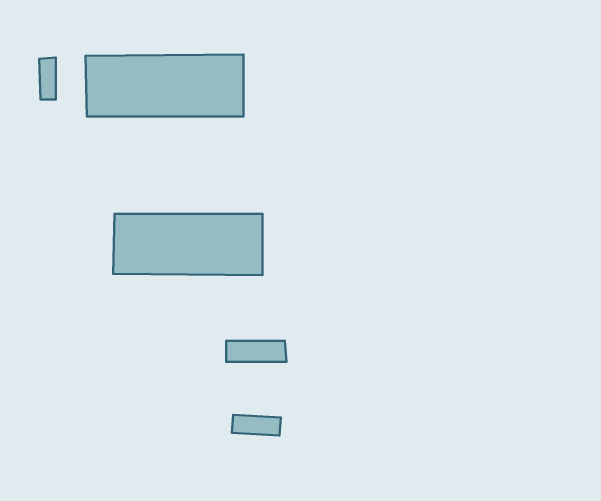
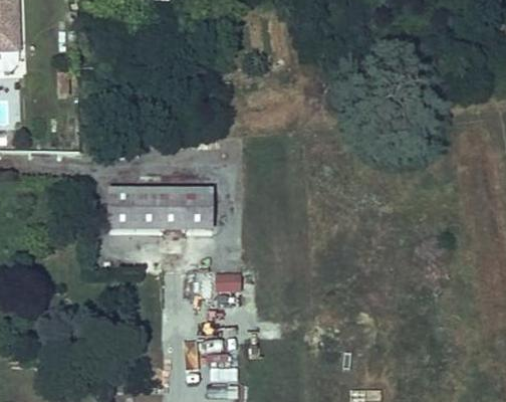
building: [85,54,243,117] -> none

